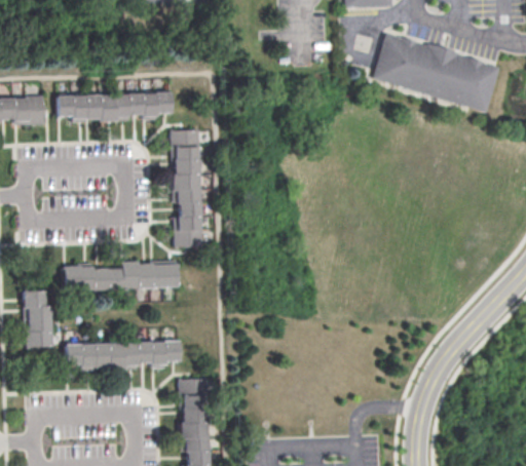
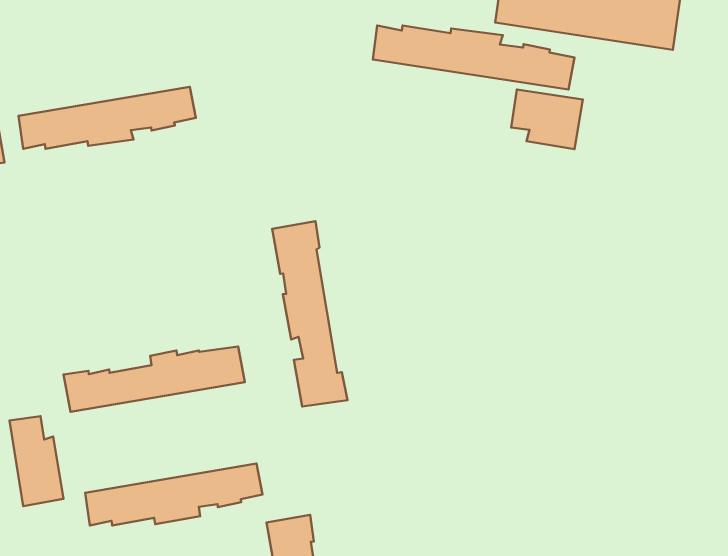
building: none -> [373,26,574,90]
building: none -> [511,89,583,149]
building: [172,129,204,247] -> [272,221,348,406]

